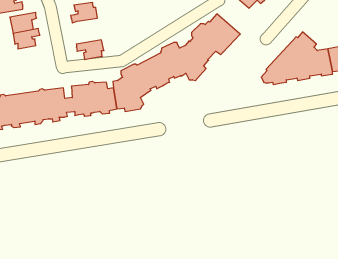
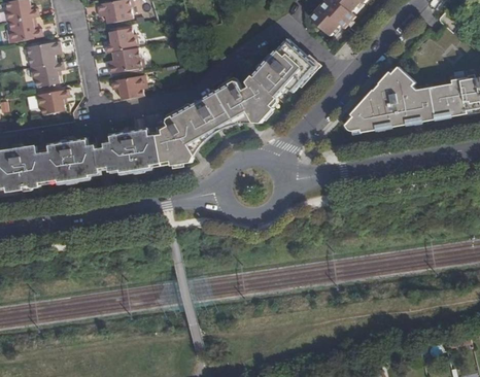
building: none -> [106,47,139,72]
building: none -> [36,89,69,113]

